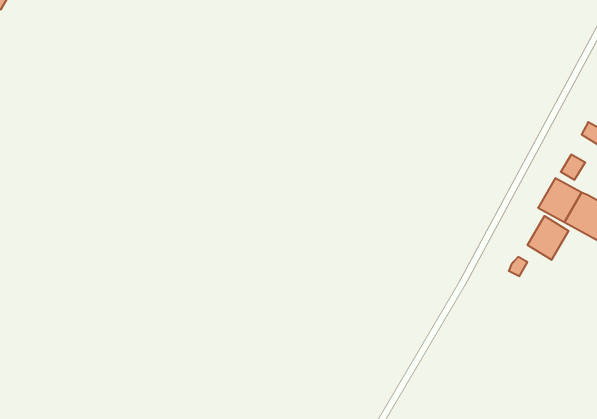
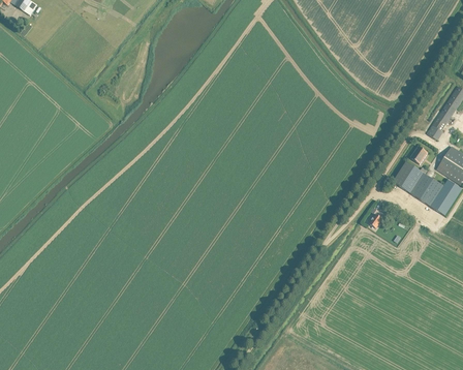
building: [528,216,568,260] -> none

